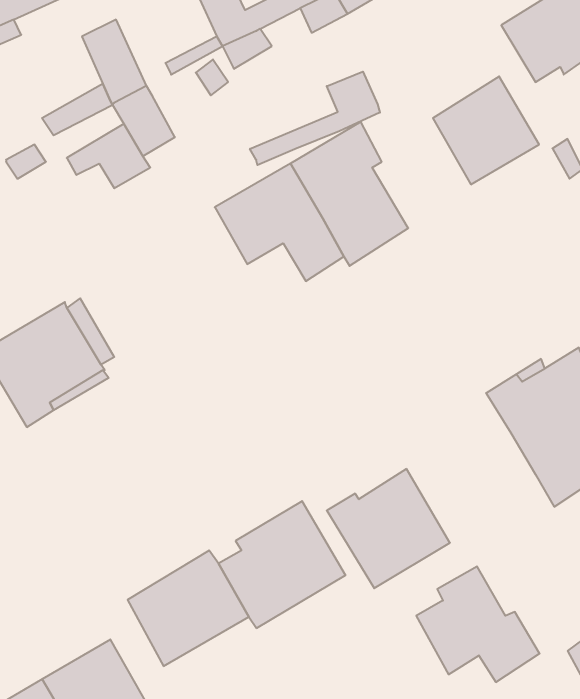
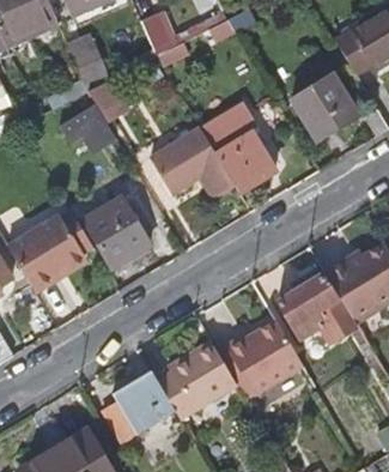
building: [250,72,380,165] -> none
building: none -> [84,196,148,267]
building: [416,566,540,682] -> [278,268,355,341]

